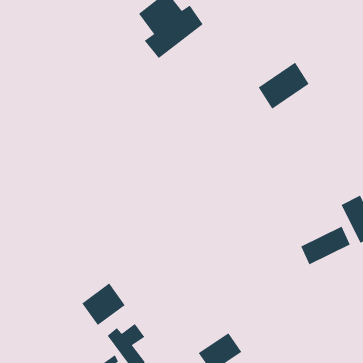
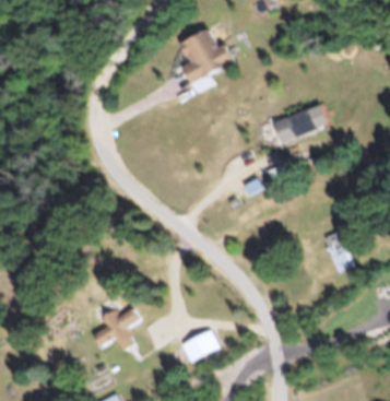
building: [300,226,350,265] -> none
building: [81,283,125,326] -> none

